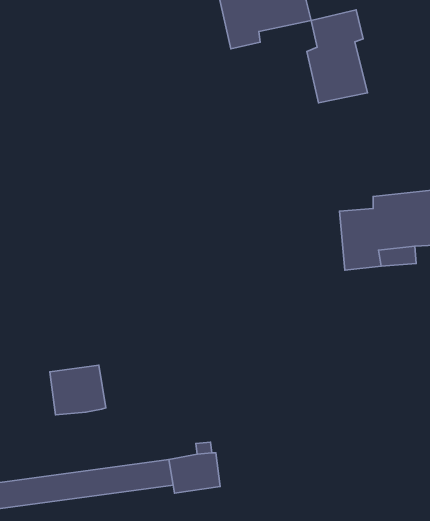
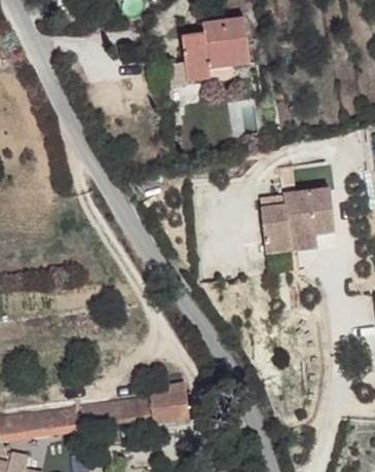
building: [307,10,368,103] -> none
building: [50,365,106,415] -> none

